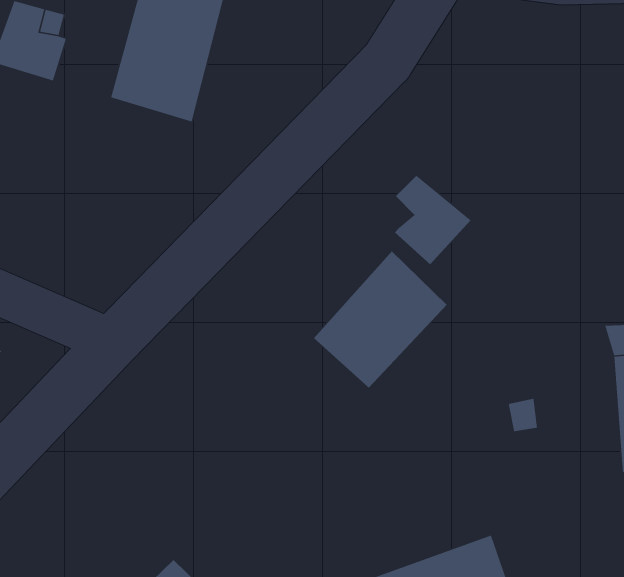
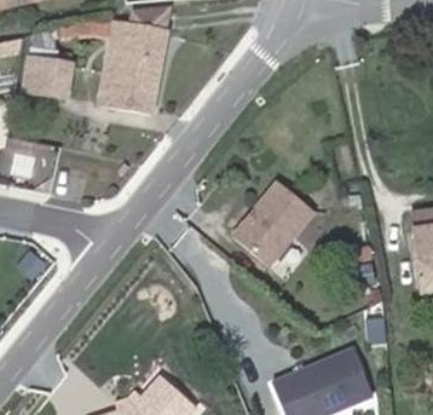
building: [394,175,471,265] -> none

